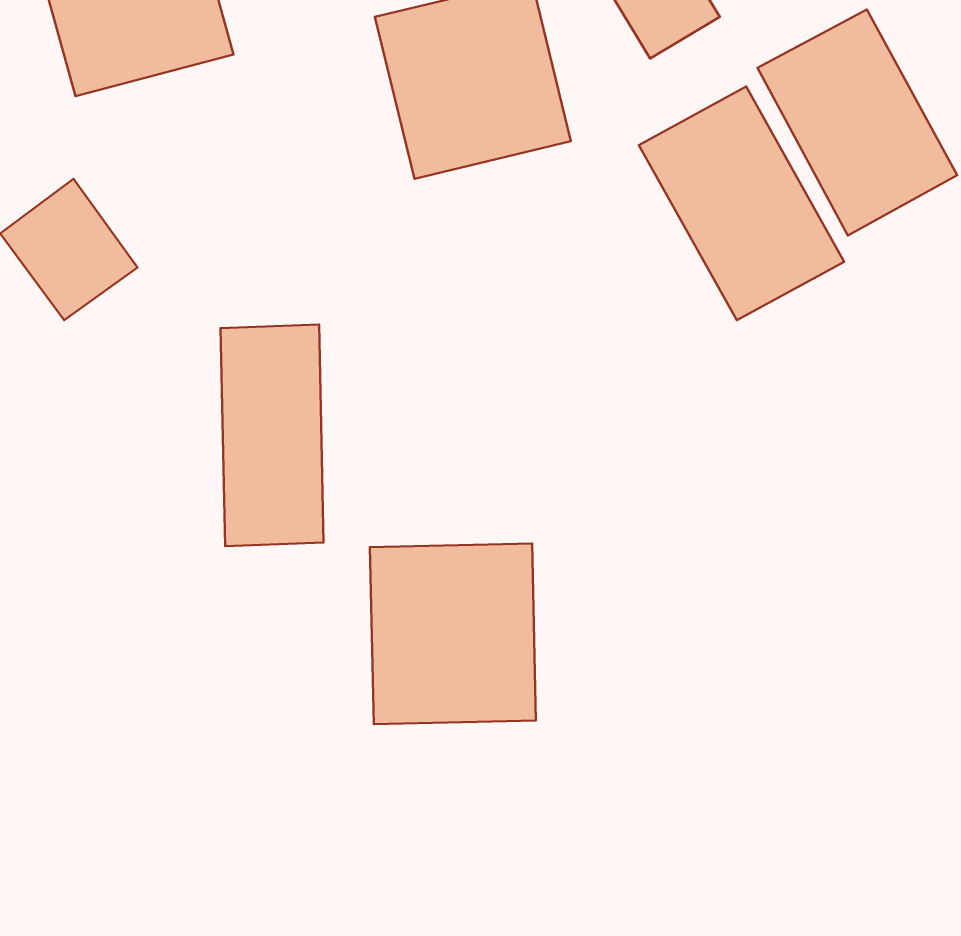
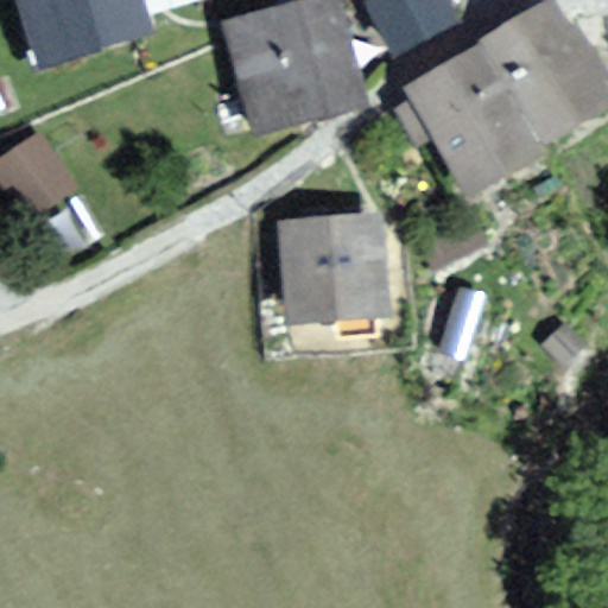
building: [221,325,324,546] -> none
building: [370,543,536,724] -> [279,214,384,328]

